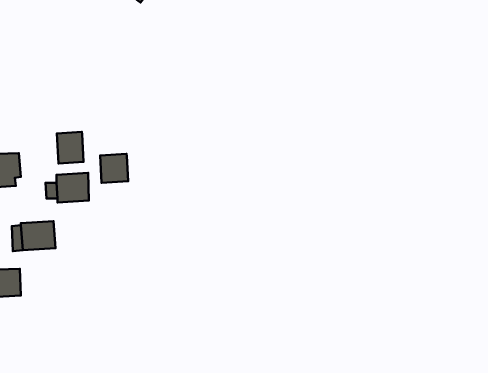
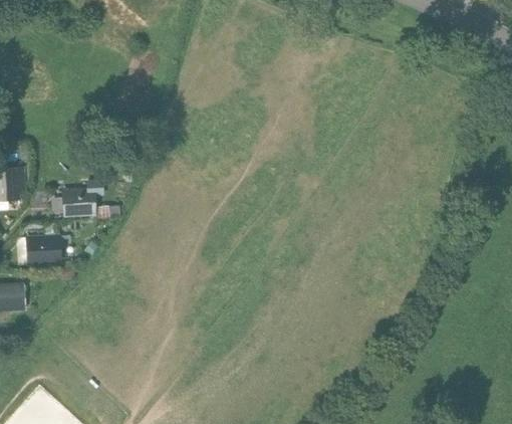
building: [57,132,83,163] -> none
building: [100,154,128,183] -> none

